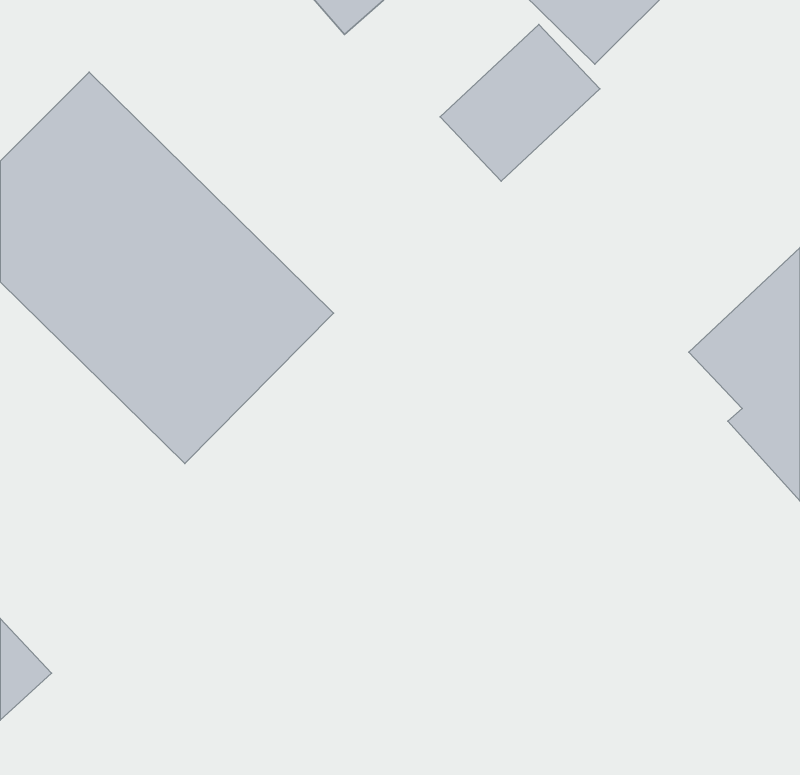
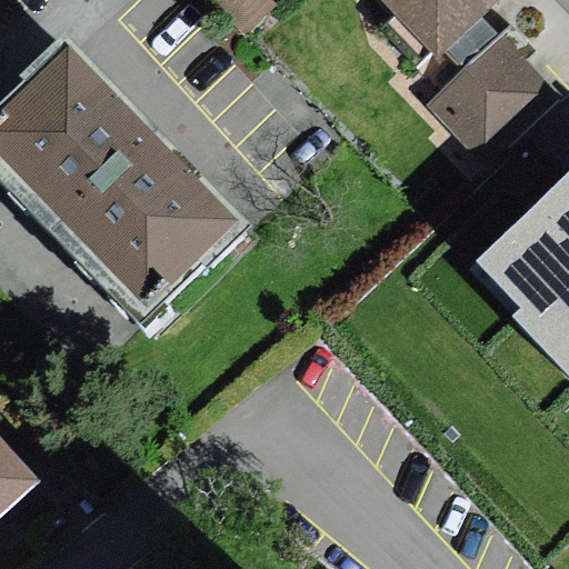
building: [440,25,600,181] -> [439,40,552,151]

